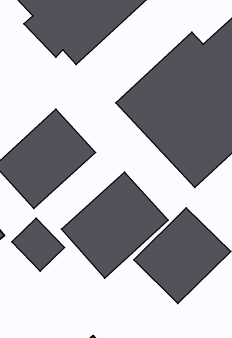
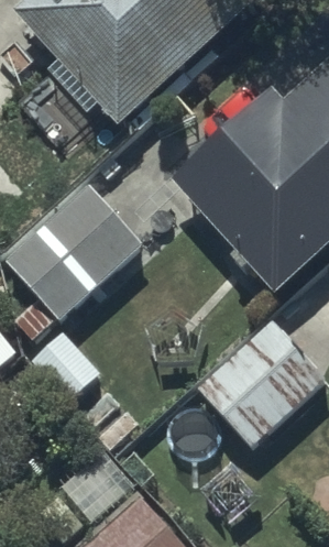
building: [61,172,168,278] -> none

